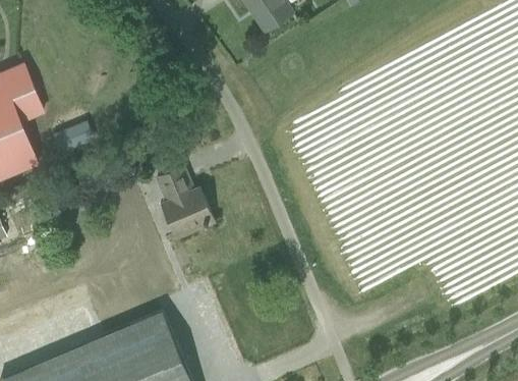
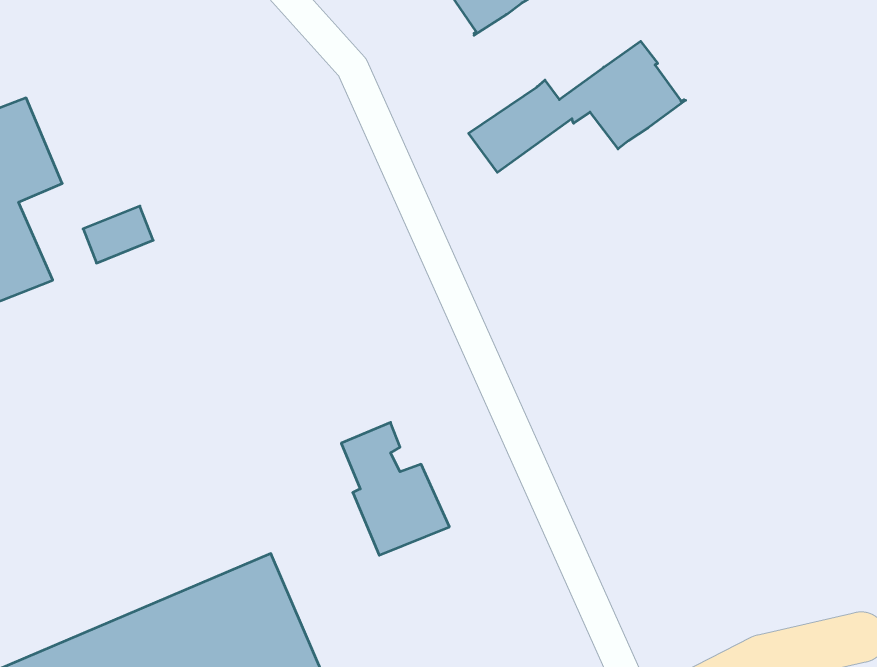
building: none -> [469,41,686,172]
building: [157,166,215,237] -> [341,422,449,555]

